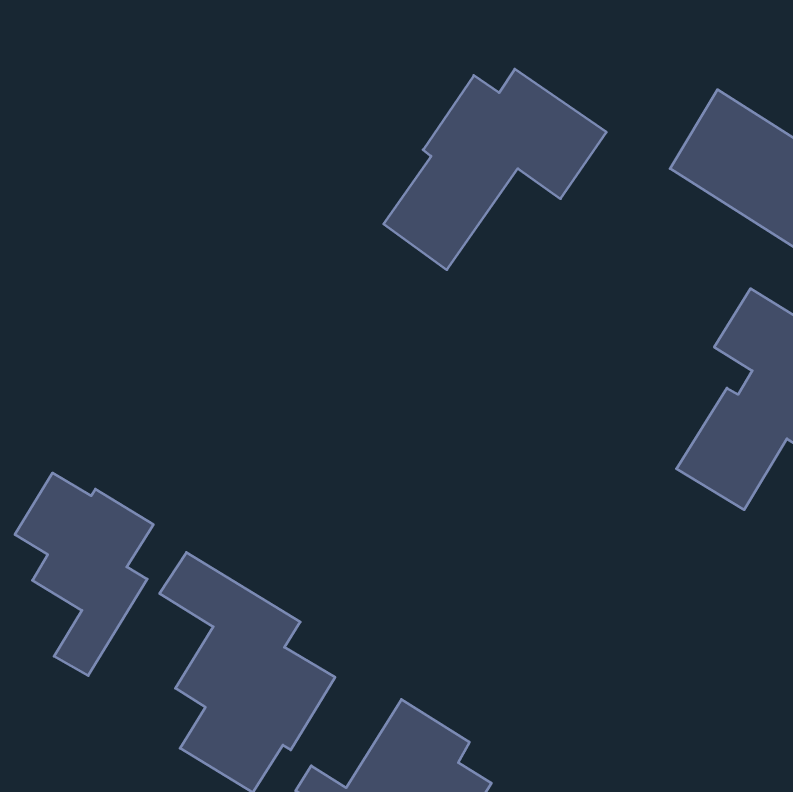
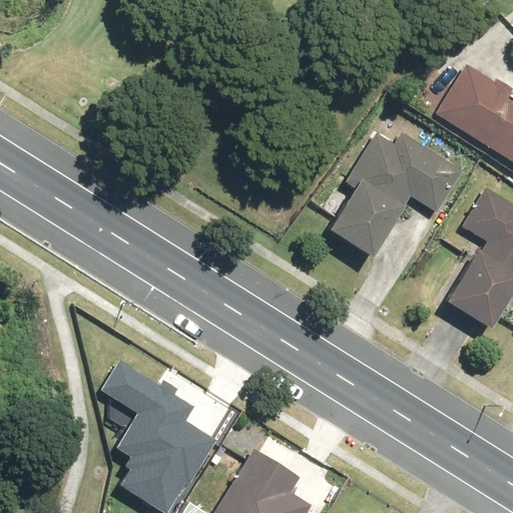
building: [384,69,606,270] -> [319,133,460,261]
building: [15,473,153,676] -> none

